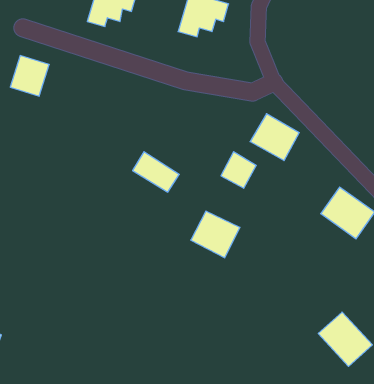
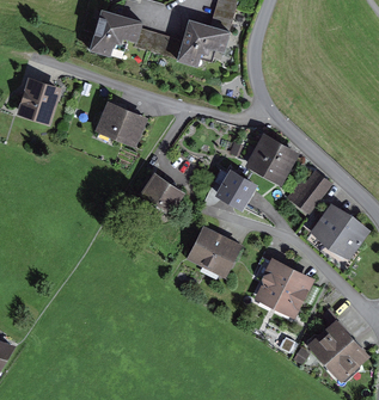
building: none -> [99,106,142,143]
building: none -> [289,171,328,211]
building: none -> [257,265,307,314]

